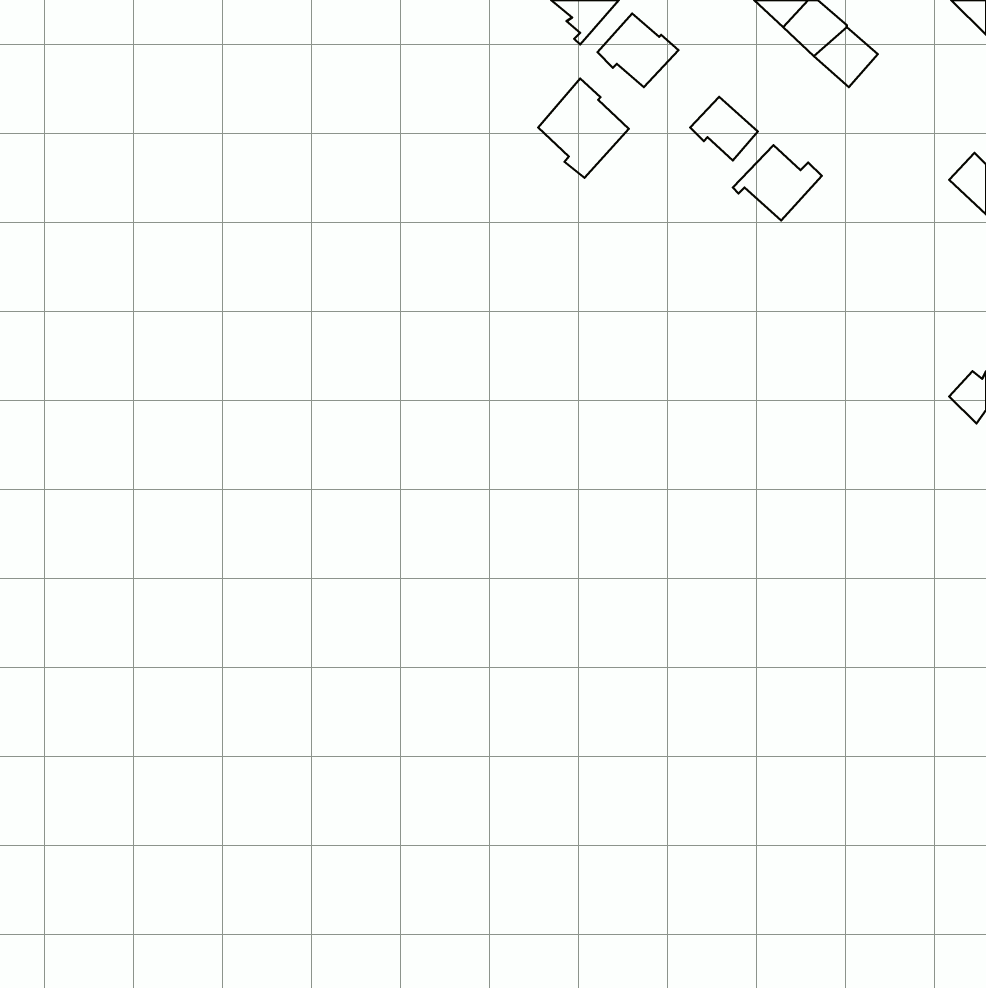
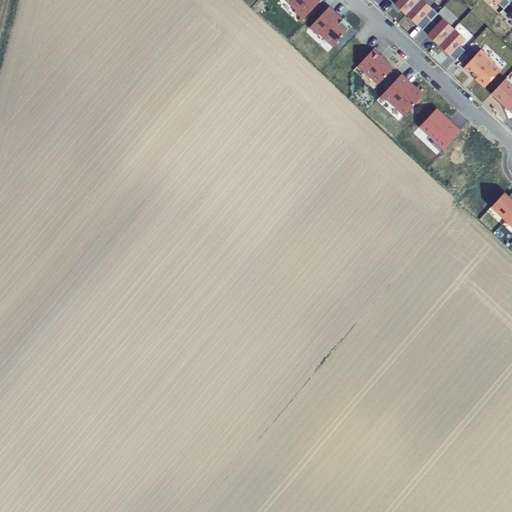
building: none -> [439,28,465,60]
building: [538,79,629,178] -> none
building: none -> [464,50,501,87]
building: none -> [419,110,460,152]

